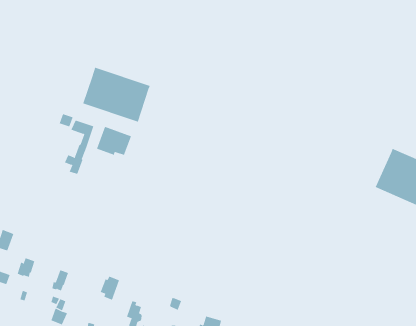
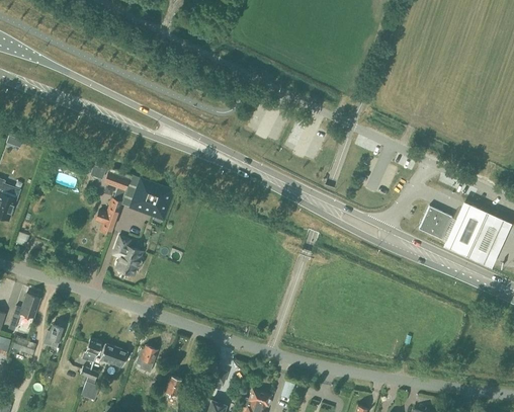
building: [83,67,151,123] -> none
building: none -> [420,207,452,239]
building: none -> [111,235,144,277]
building: none -> [100,343,128,367]

